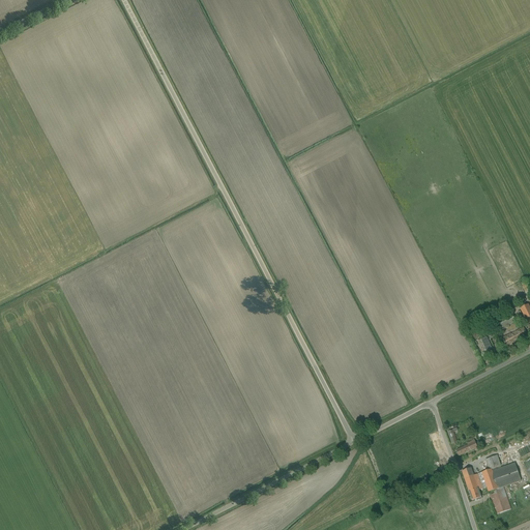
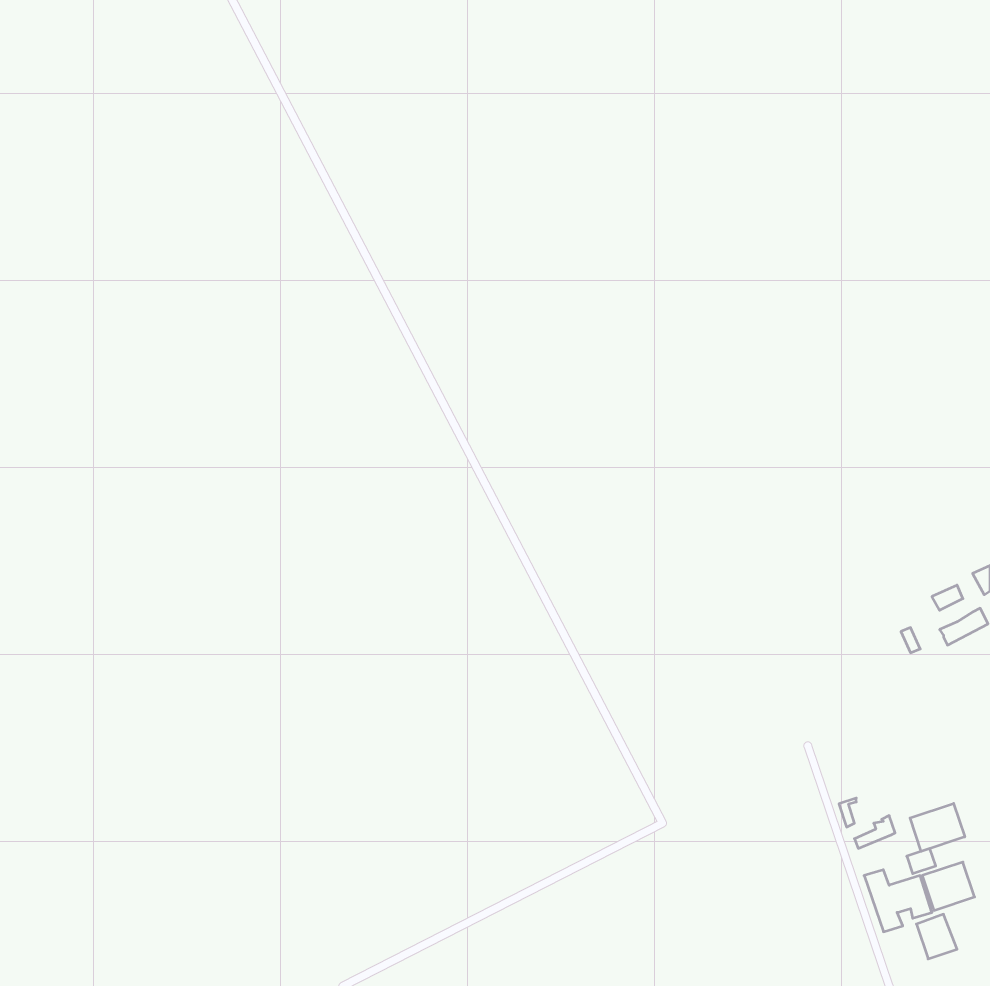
building: none -> [910,803,965,851]

